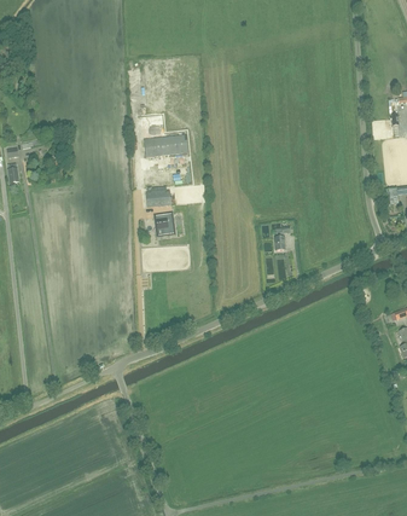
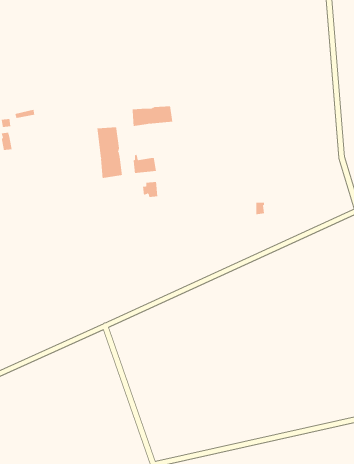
building: none -> [97,127,123,179]

